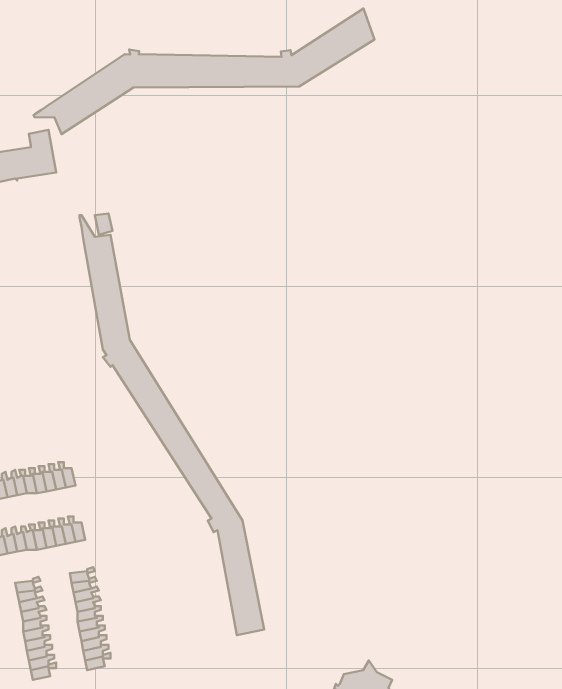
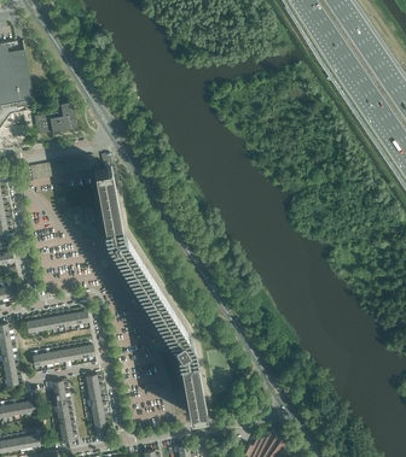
building: [34,9,374,134] -> none

